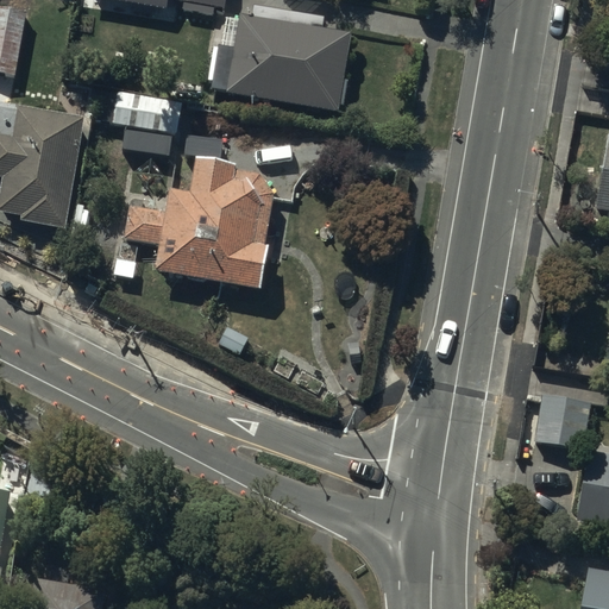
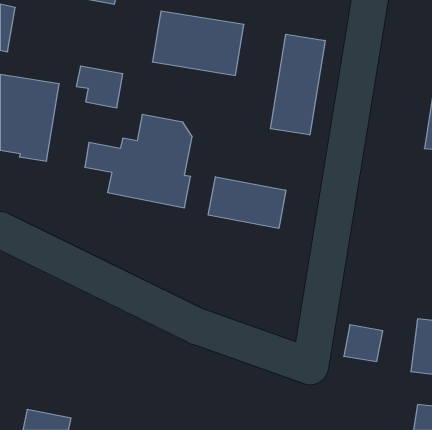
building: none -> [270,34,325,135]
building: none -> [208,177,286,228]
building: [534,394,589,445] -> [344,325,383,361]

